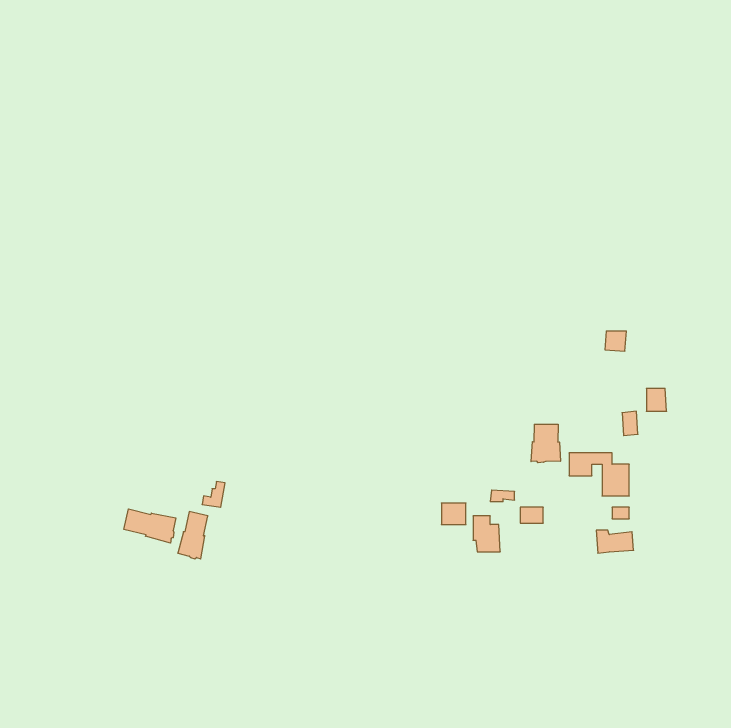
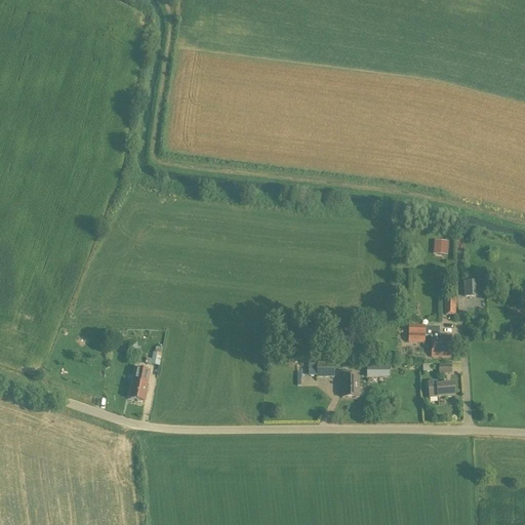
building: [531,424,560,463] -> none
building: [124,509,176,543] -> none

